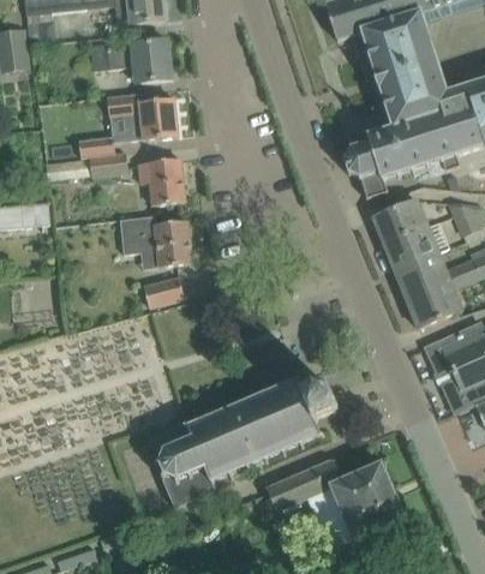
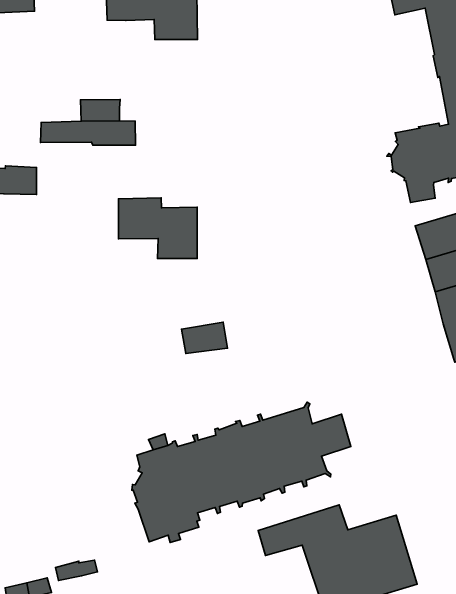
building: [107,91,178,140] -> none
building: [137,157,185,204] -> none
building: [143,276,184,306] -> [181,322,228,354]

